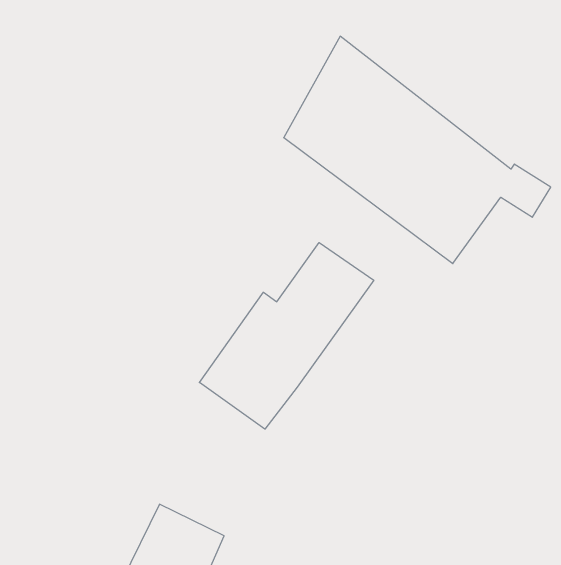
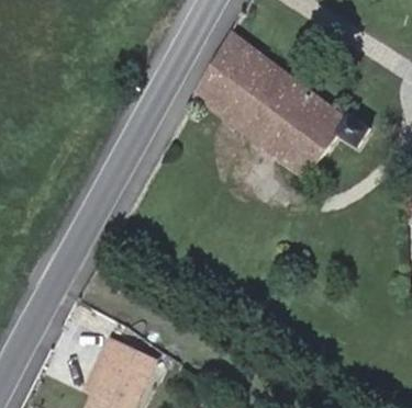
building: [199,243,374,429] -> none

